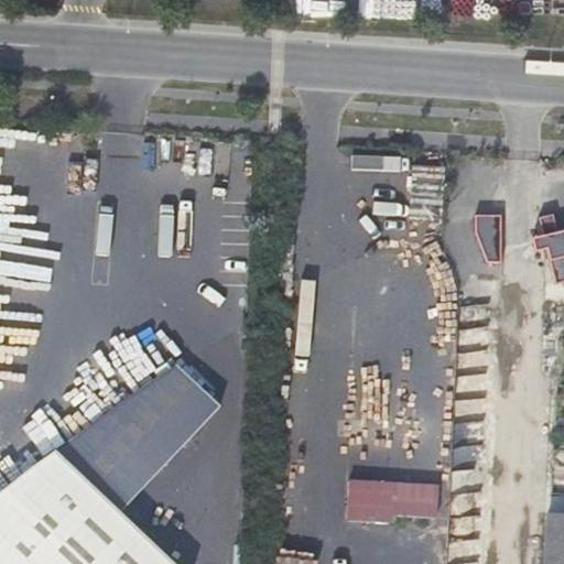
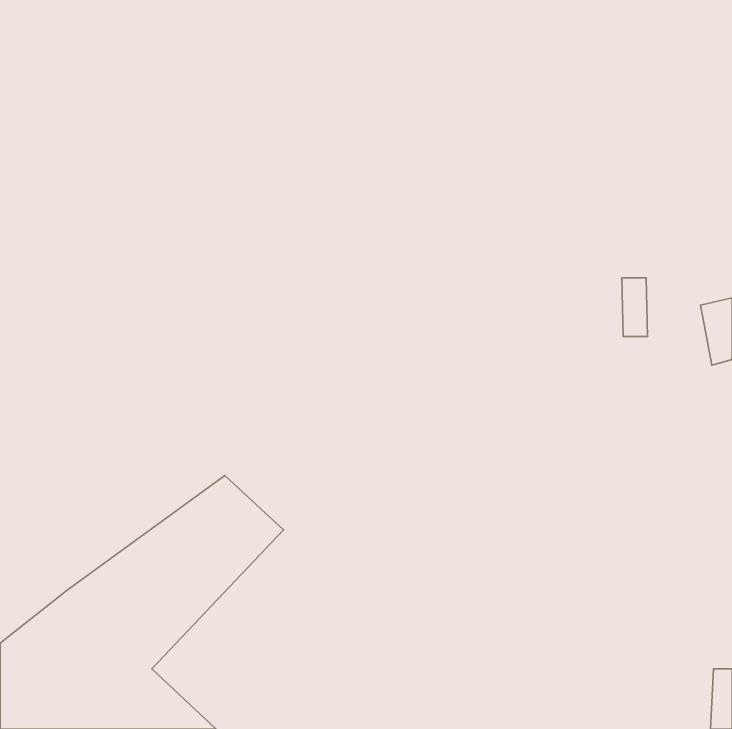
building: [346,479,441,522] -> none

